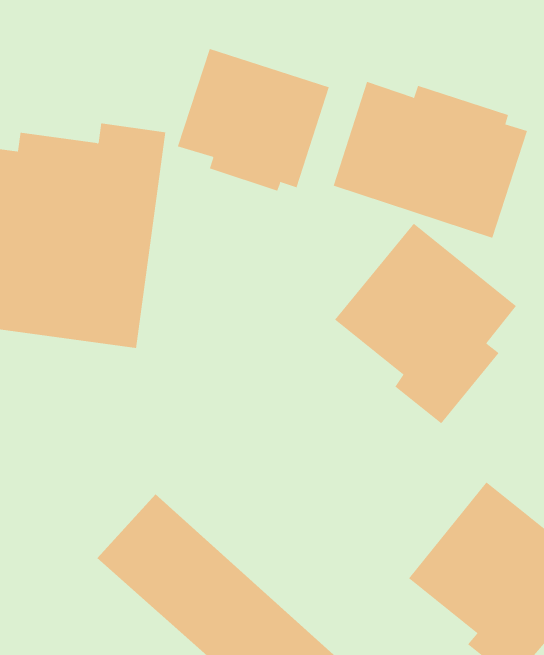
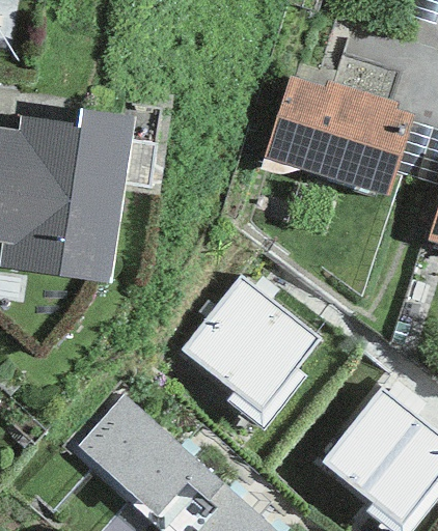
building: [177,48,330,191] -> none
building: [334,223,517,424] -> [179,275,320,430]

